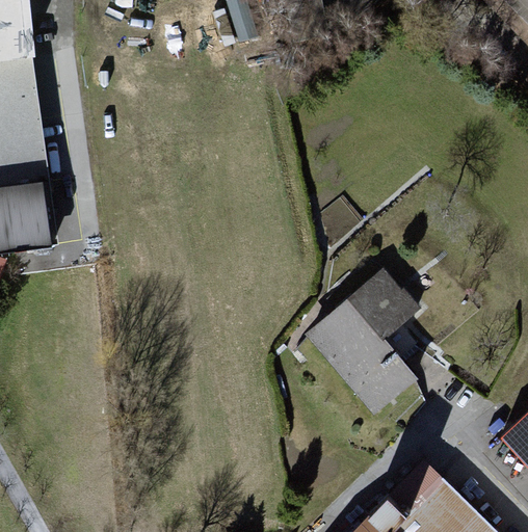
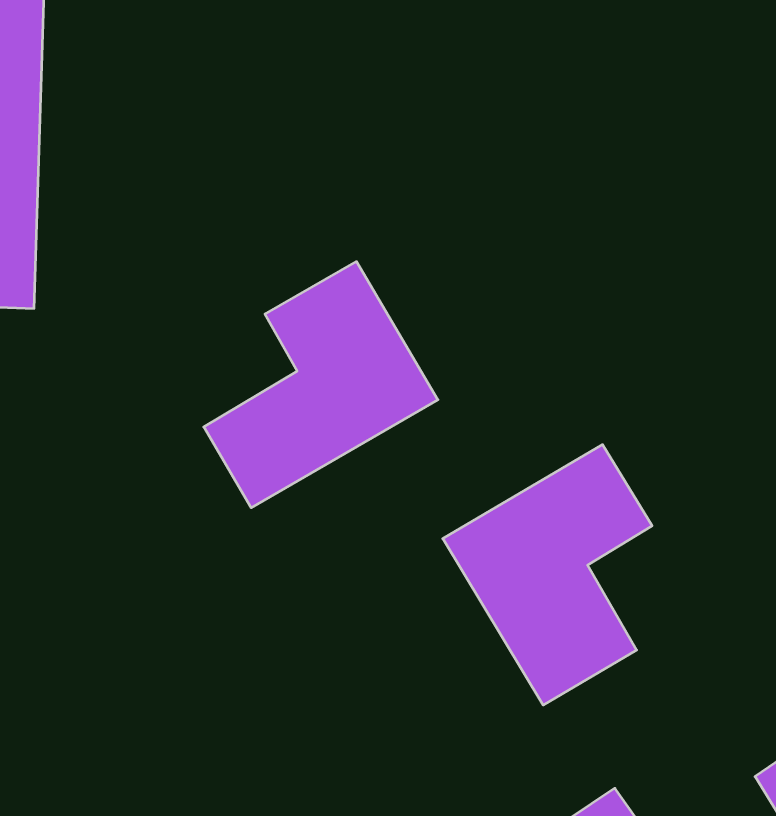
building: none -> [204,262,438,508]

